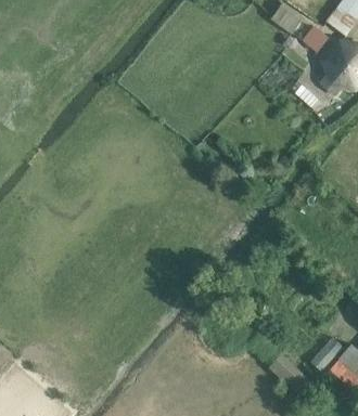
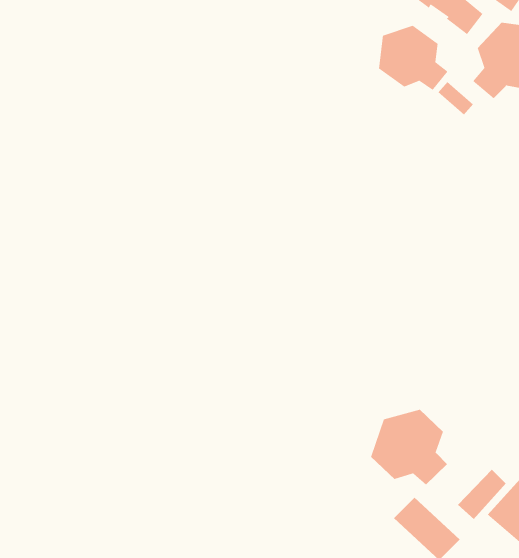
building: none -> [378,25,448,91]
building: none -> [370,409,448,485]

